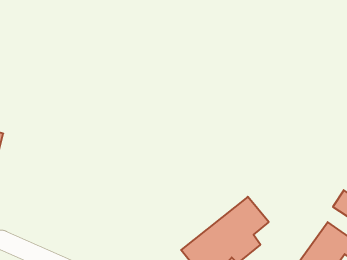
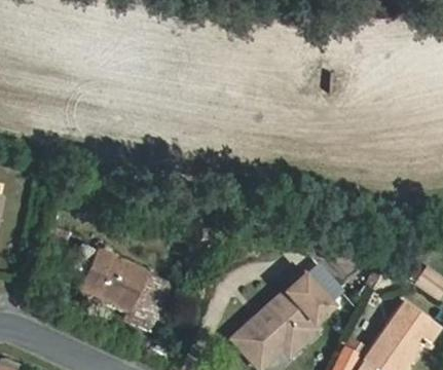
building: none -> [77,249,167,322]

